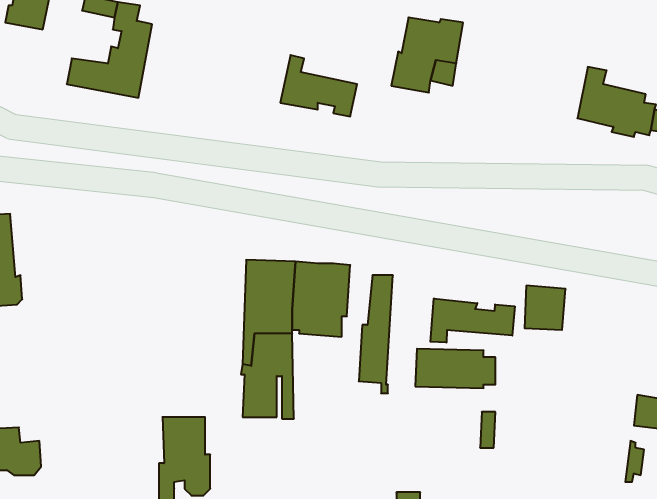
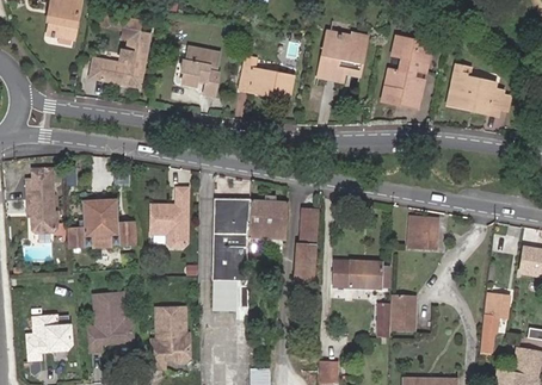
building: none -> [381,36,430,105]
building: none -> [181,45,218,94]
building: none -> [150,187,189,246]
building: none -> [69,198,135,247]
building: [430,298,515,343] -> none
building: none -> [88,292,133,350]
building: none -> [393,294,414,324]

